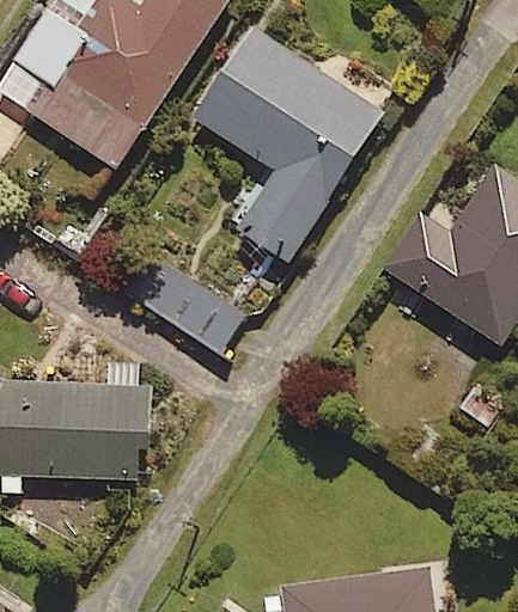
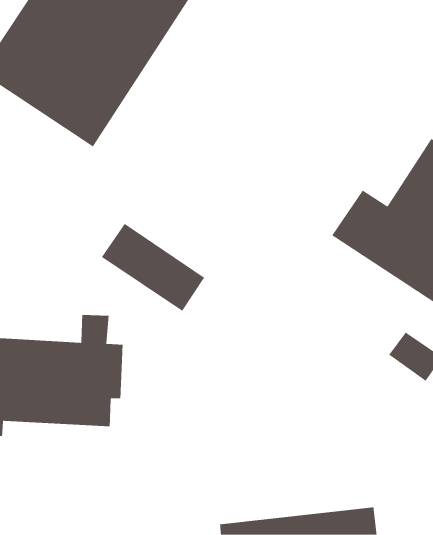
building: [194,27,385,263] -> none

